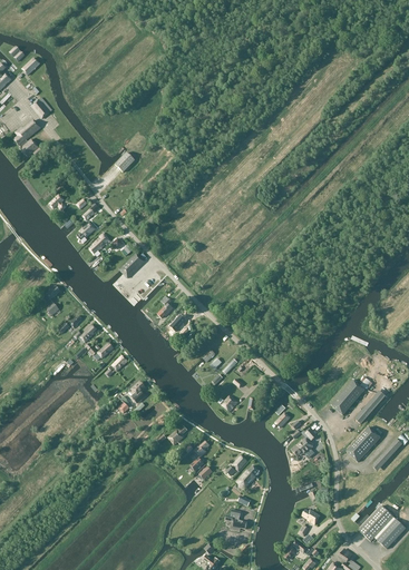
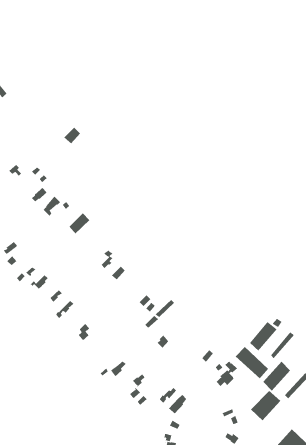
building: none -> [235,346,269,379]
building: none -> [250,390,281,421]

